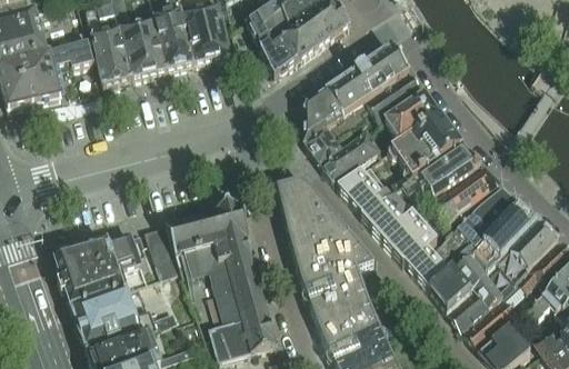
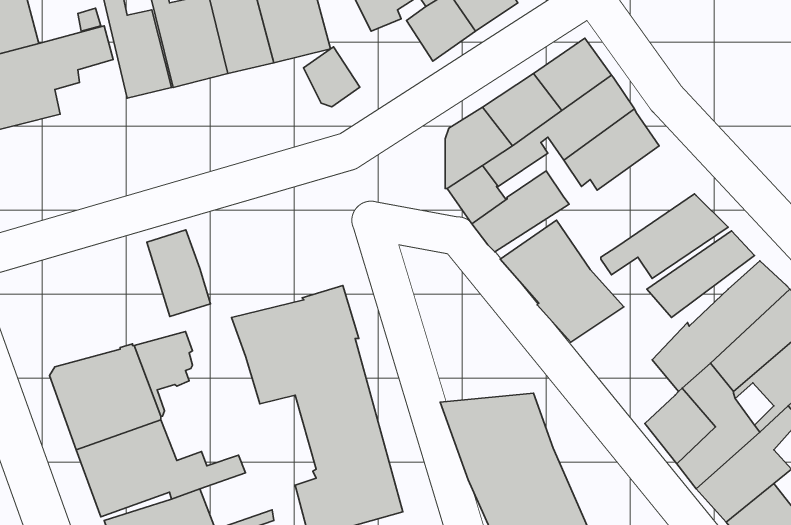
building: [260,34,296,72] -> [303,47,360,107]
building: [388,113,460,189] -> none
building: [276,178,378,275] -> none
building: [382,215,448,288] -> none
building: [144,221,184,276] -> [147,230,210,316]

